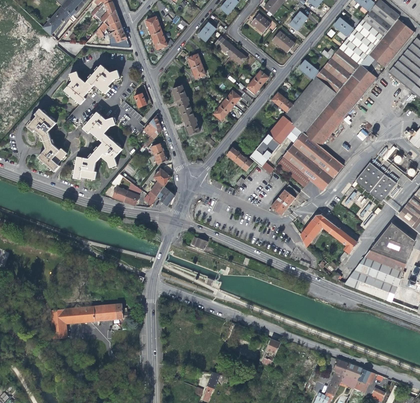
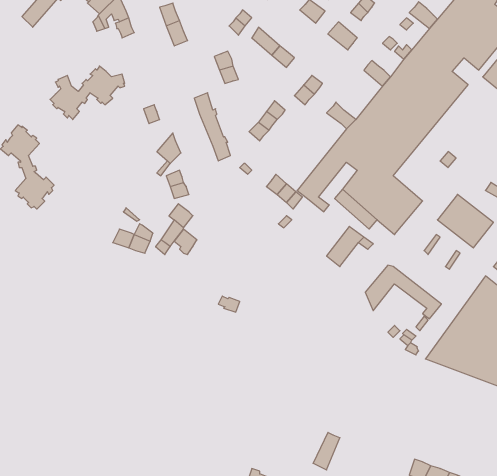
building: [72,111,123,179] -> none
building: [51,303,131,338] -> none

